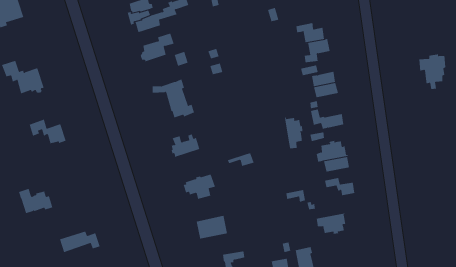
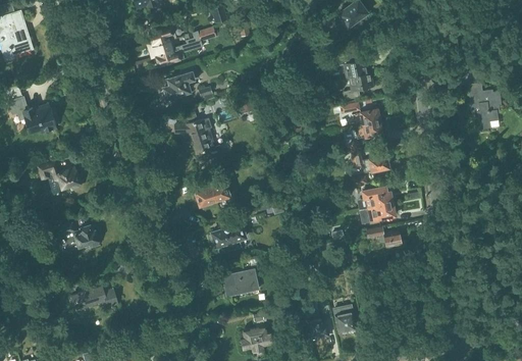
building: [284,117,303,149] -> none
building: [18,188,53,214] -> [60,222,99,251]
building: [316,213,346,234] -> none

